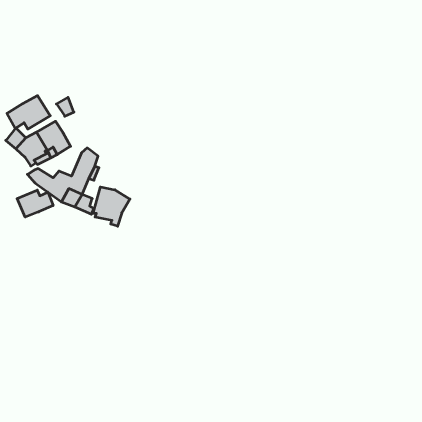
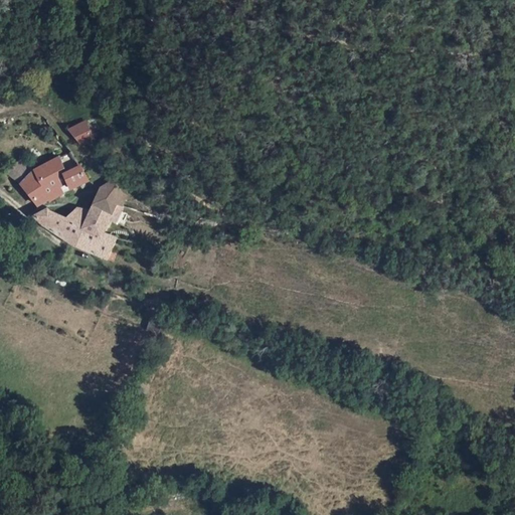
building: [7,96,50,129] -> none
building: [93,187,130,226] -> none
building: [17,190,53,217] -> none

